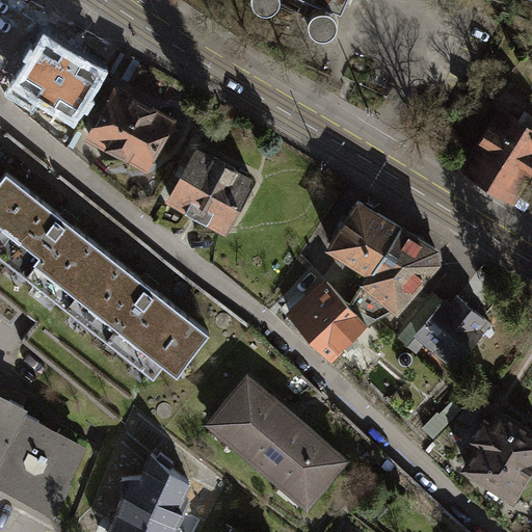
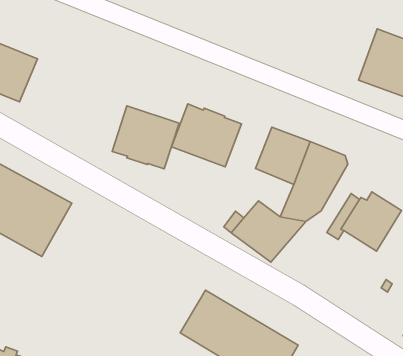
building: [85,89,169,171] -> none
building: none -> [172,104,241,167]
building: [68,252,216,390] -> none

